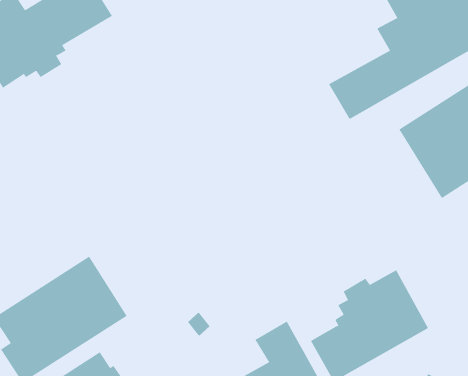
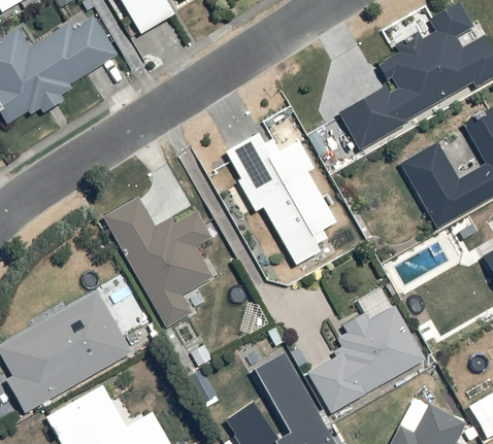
building: none -> [226,109,339,272]
building: none -> [103,197,215,328]

